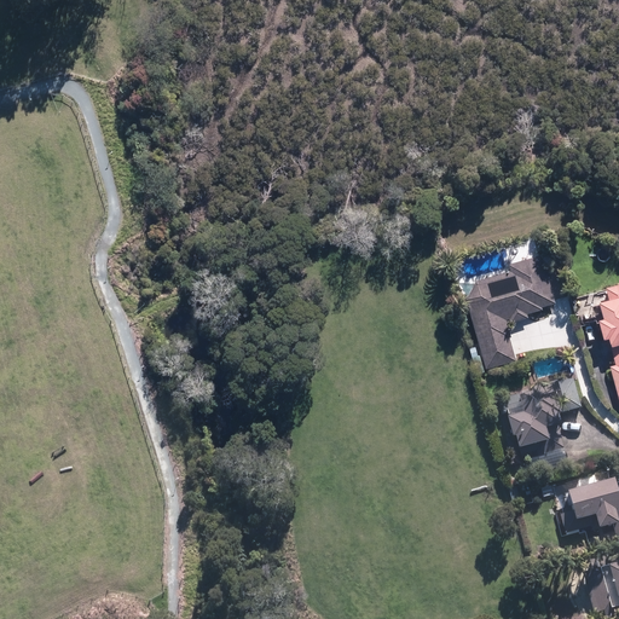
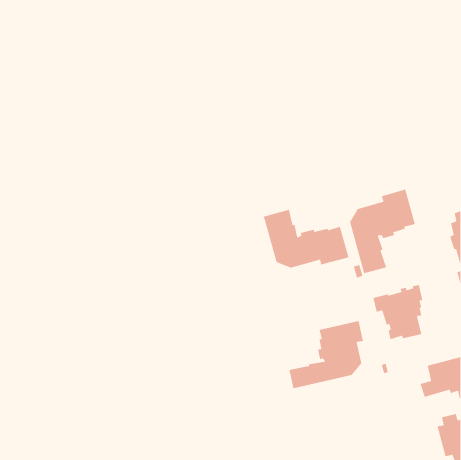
building: none -> [263,209,349,268]
building: none -> [288,320,364,389]

